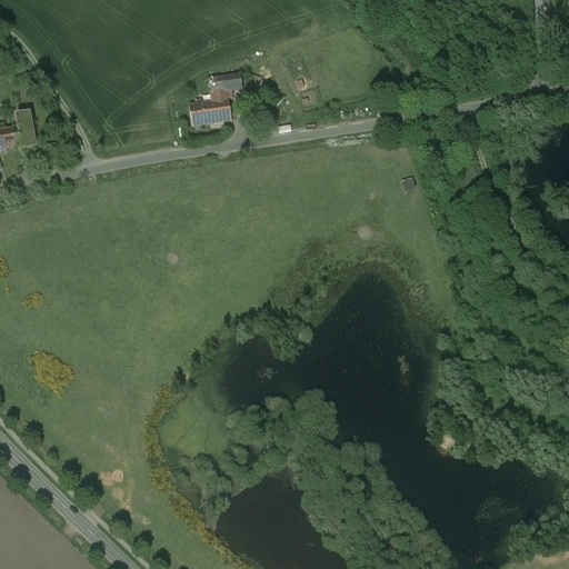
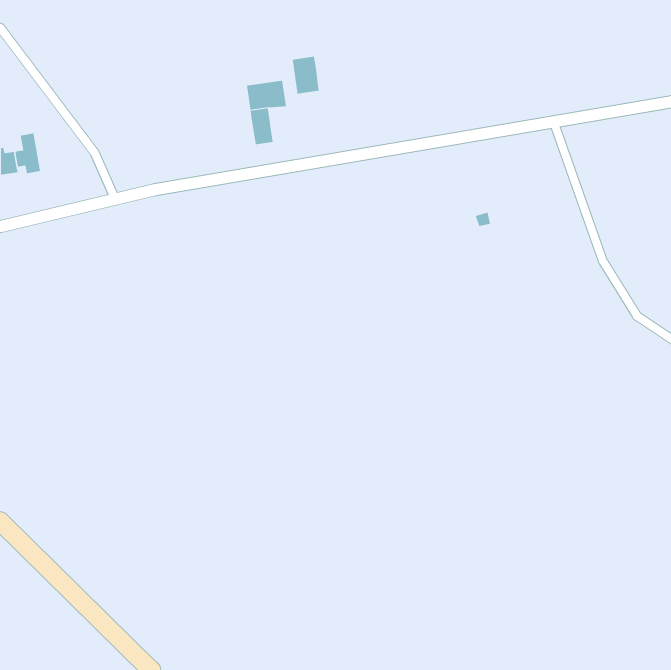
building: none -> [292,56,319,94]
building: [190,102,217,126] -> none

